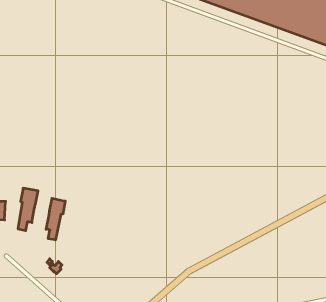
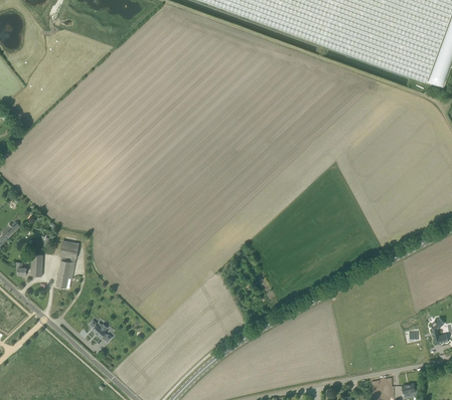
building: [46,198,65,240] -> none

